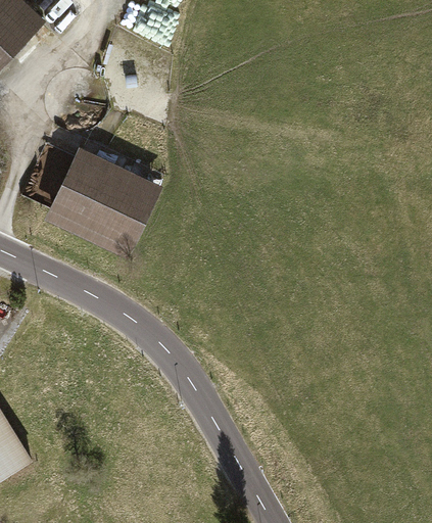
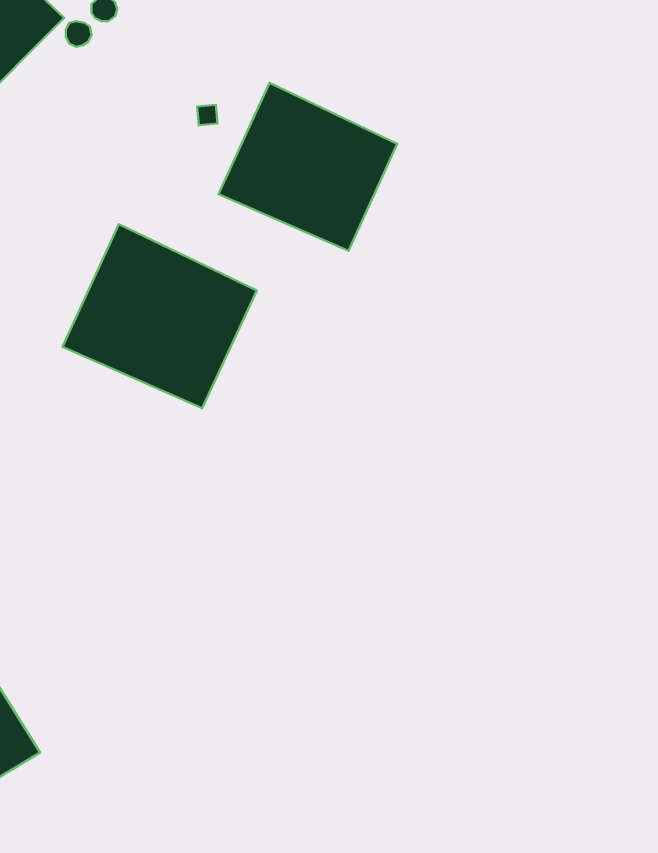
building: none -> [219,83,397,251]

